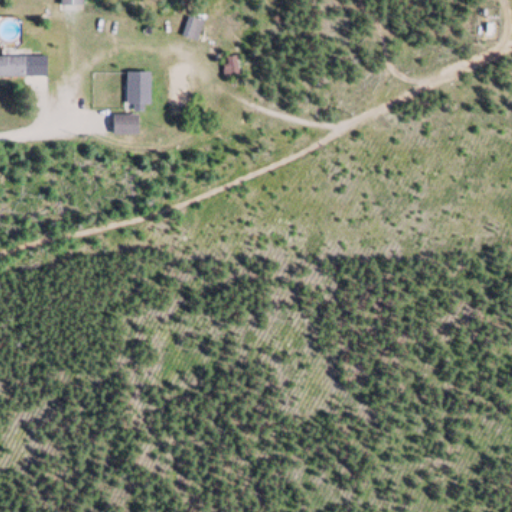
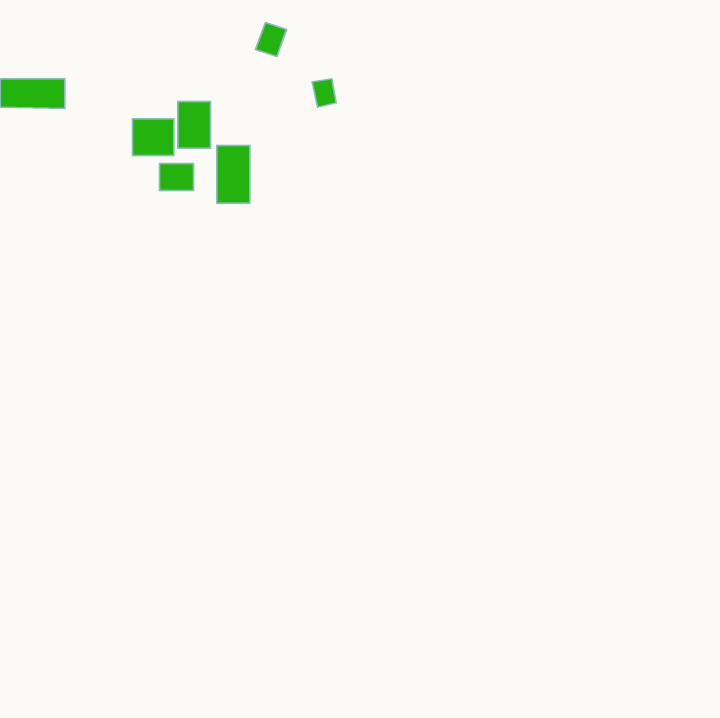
building: none -> [133,119,174,155]
building: none -> [217,146,250,203]

